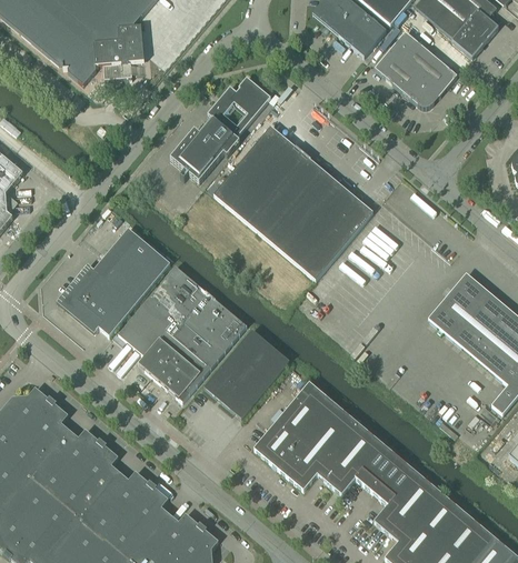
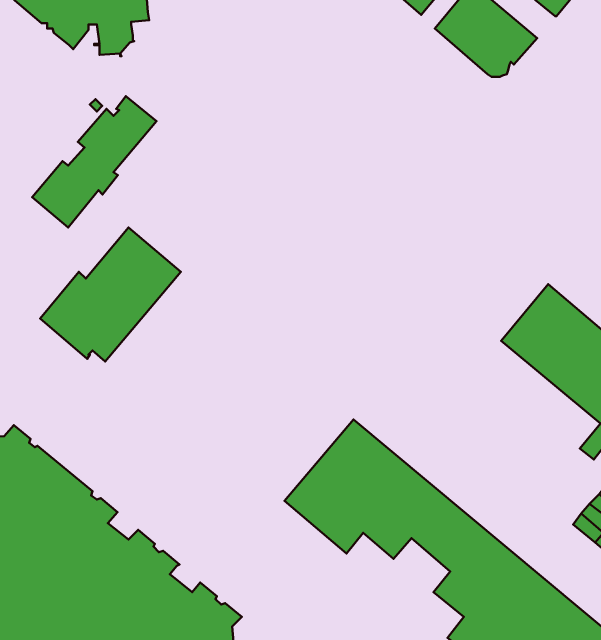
building: [170,77,270,182] -> [32,96,156,228]
building: [213,127,372,280] -> none
building: [118,265,246,399] -> none
building: [203,330,289,418] -> none

